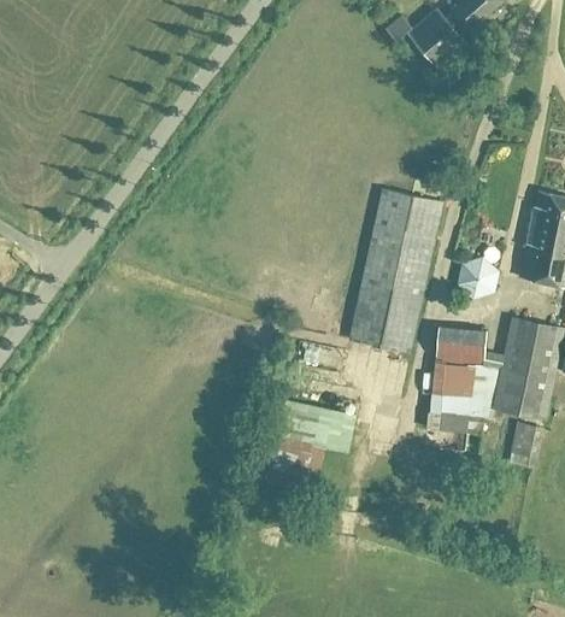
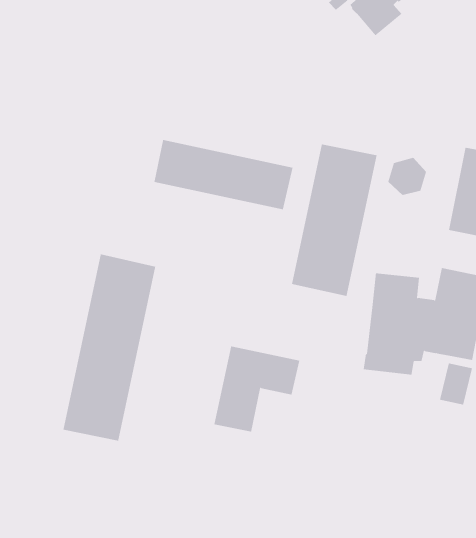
building: none -> [154,139,293,210]
building: [457,254,499,295] -> [388,157,427,195]
building: none -> [63,253,156,442]

